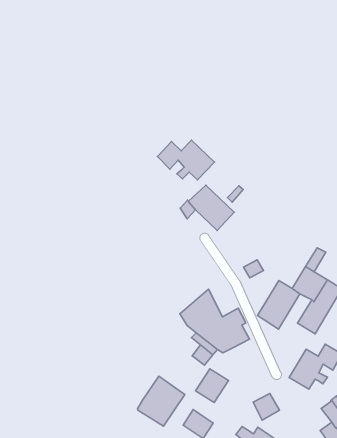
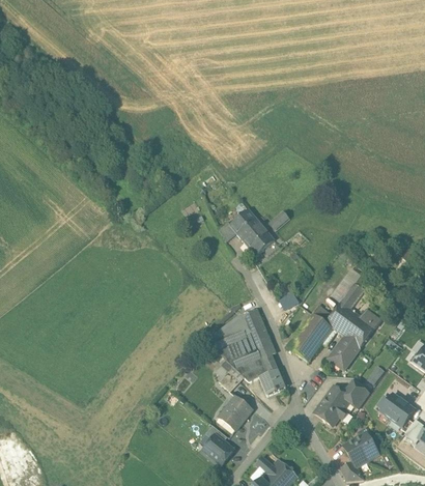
building: [157,140,214,180] -> none
building: none -> [239,308,268,344]
building: [138,376,185,426] -> none
building: [253,393,280,420] -> [259,369,285,395]

